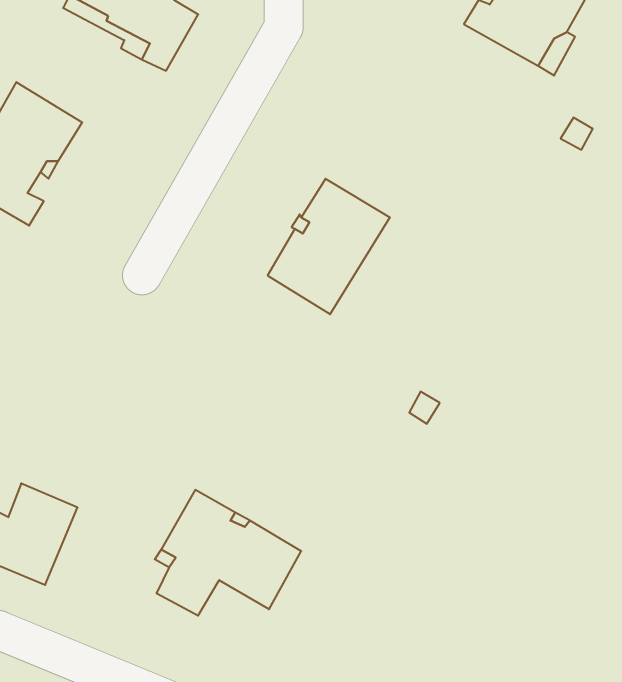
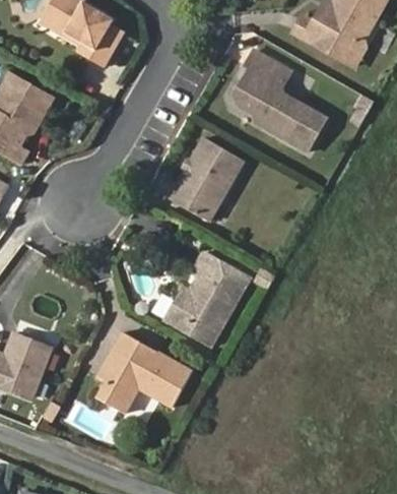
building: none -> [234,50,326,152]
building: none -> [166,251,249,345]

